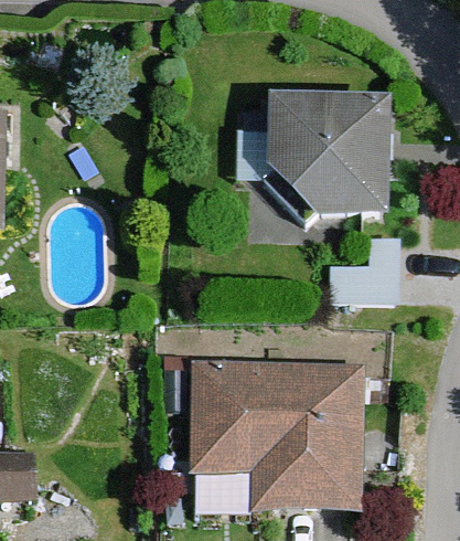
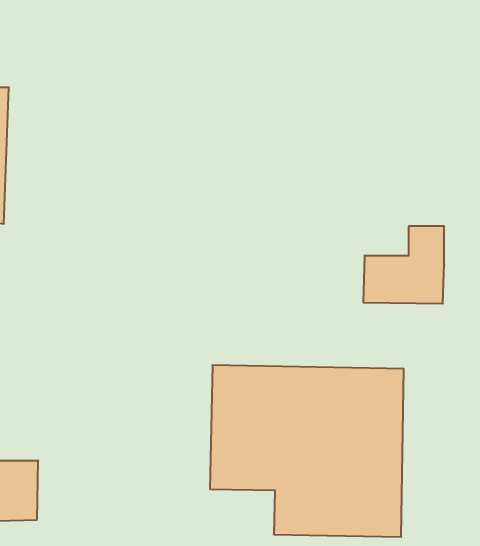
building: [234,93,391,224] -> none

